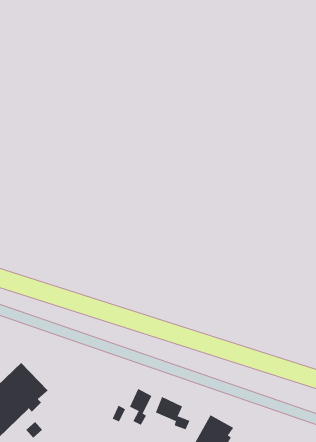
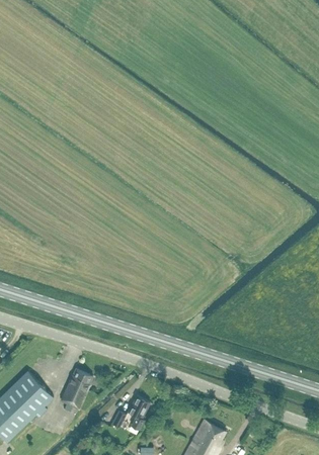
building: none -> [60,368,92,408]
building: [155,396,190,430] -> none

